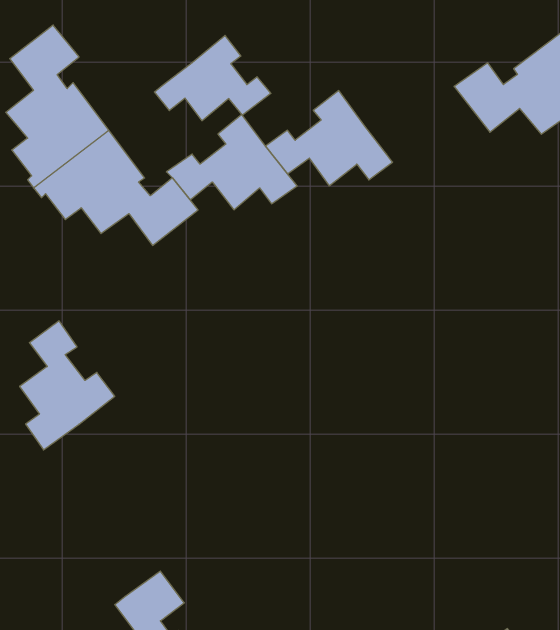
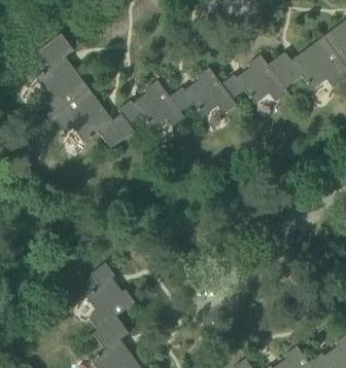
building: [154,35,271,121] -> none
building: none -> [221,56,288,105]
building: [20,321,115,450] -> [84,262,134,329]

